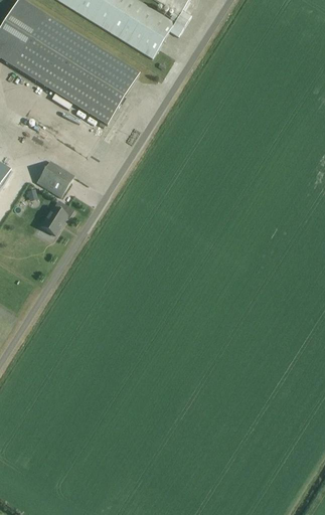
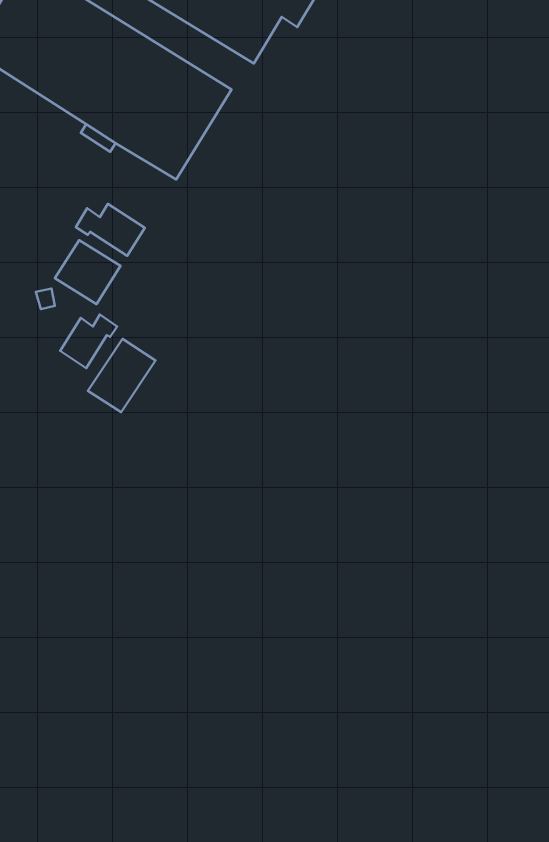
building: none -> [76,204,145,256]
building: none -> [88,339,156,412]

